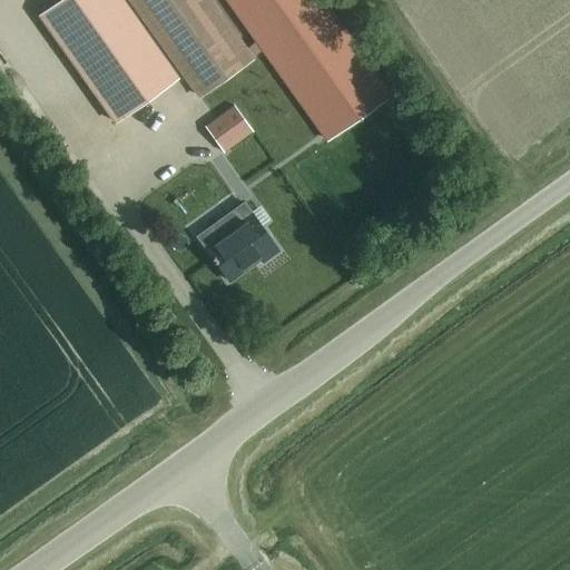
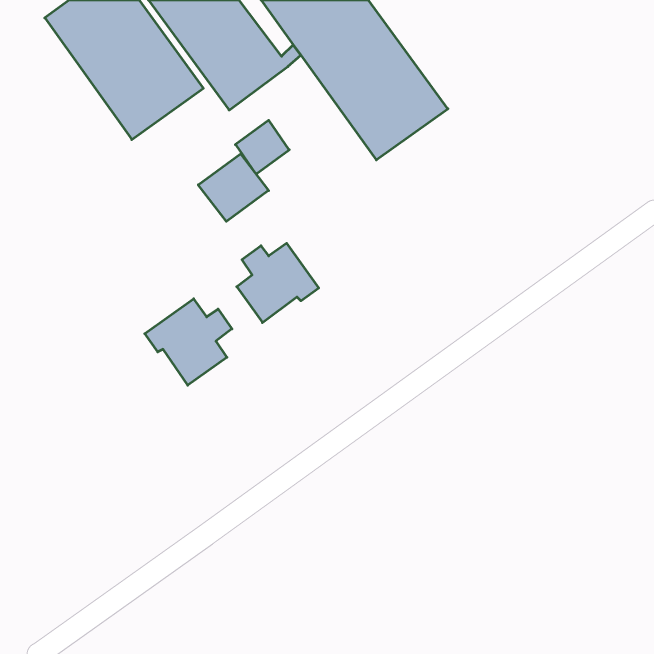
building: none -> [198,154,269,221]
building: none -> [145,299,232,385]

